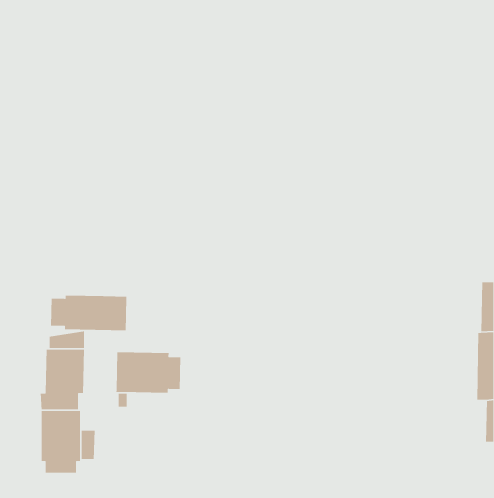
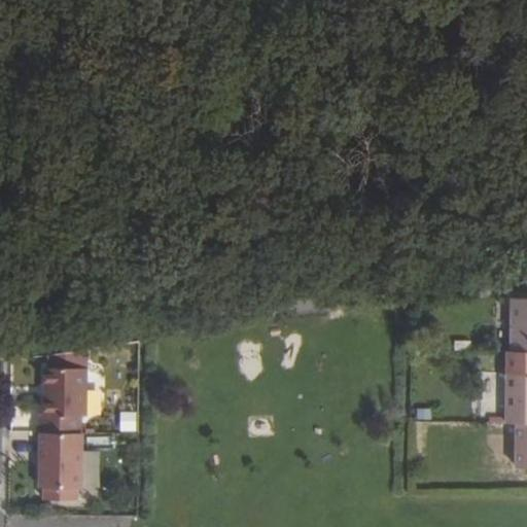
building: [50,295,127,331] -> none
building: [116,352,181,394] -> none

